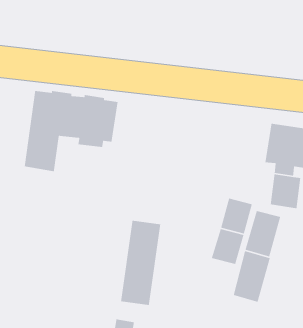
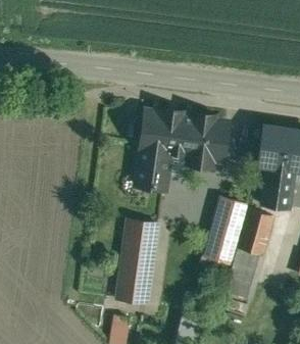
building: [24,90,119,172] -> [136,111,228,191]

